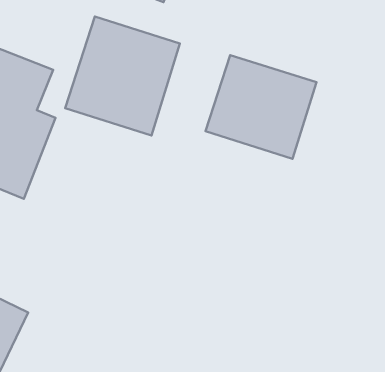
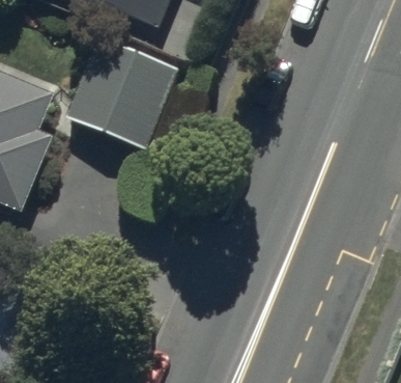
building: [205,55,316,159] -> none

